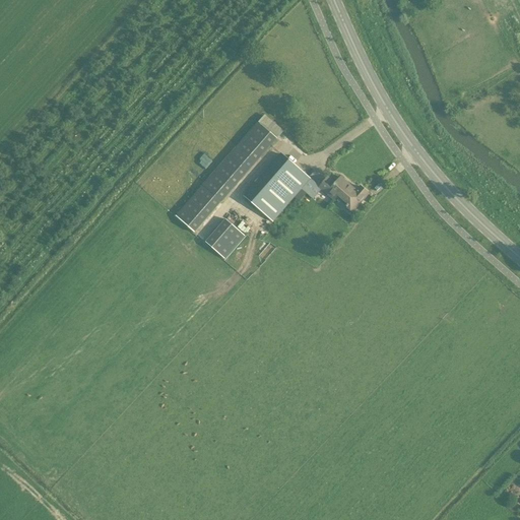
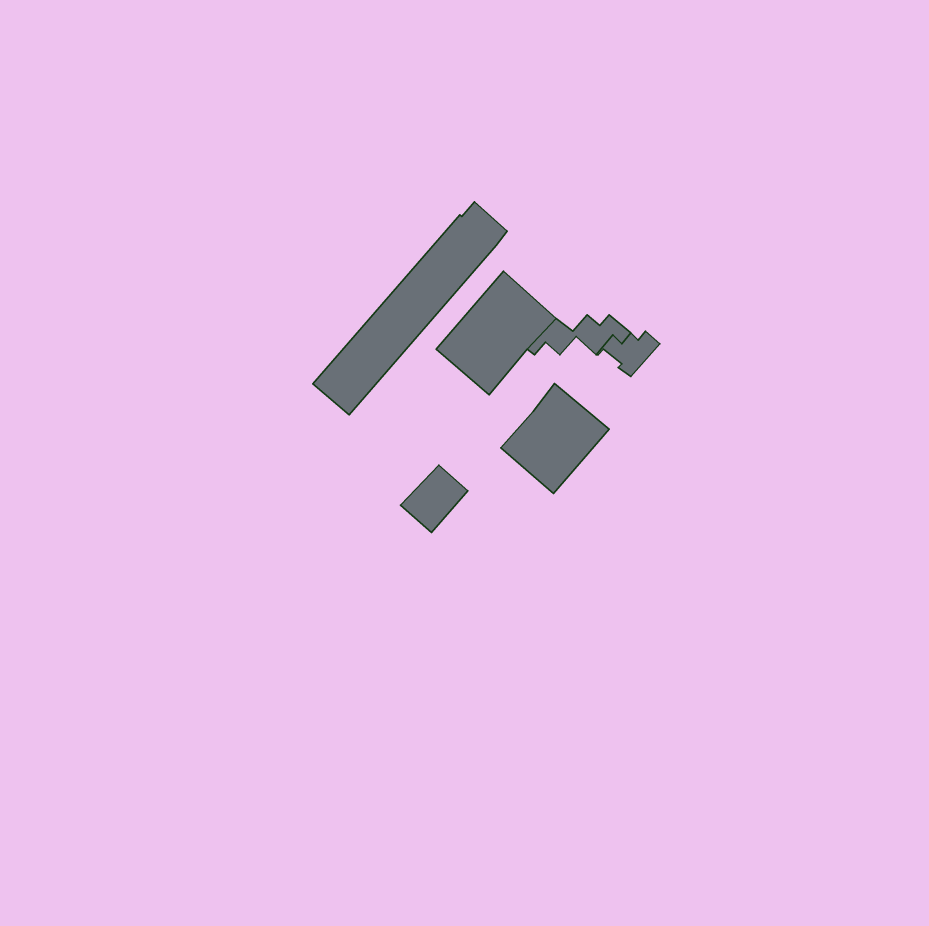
building: none -> [501,384,609,494]
building: [207,220,245,258] -> [401,465,468,533]

